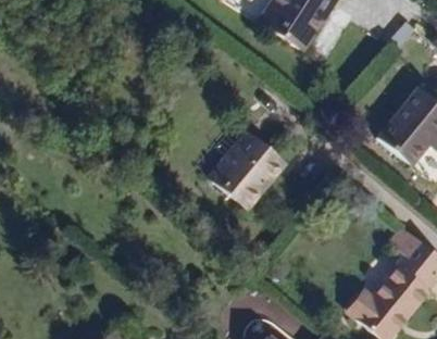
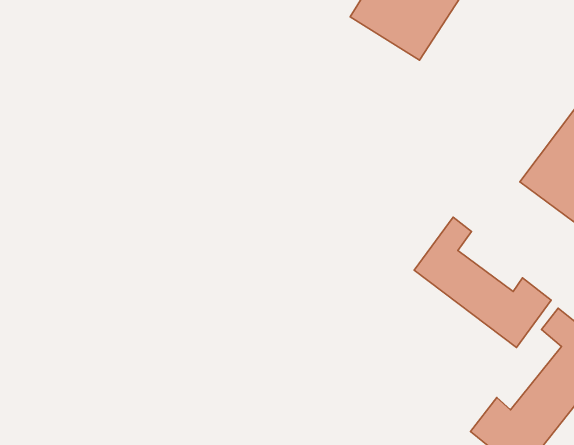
building: [210,131,284,206] -> none
building: none -> [414,217,551,348]

